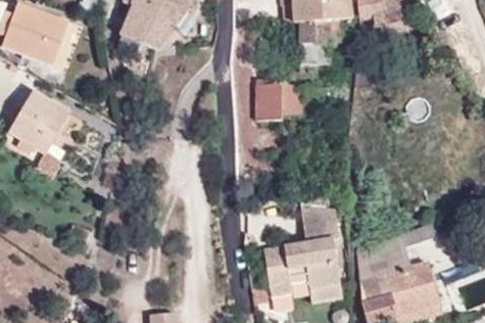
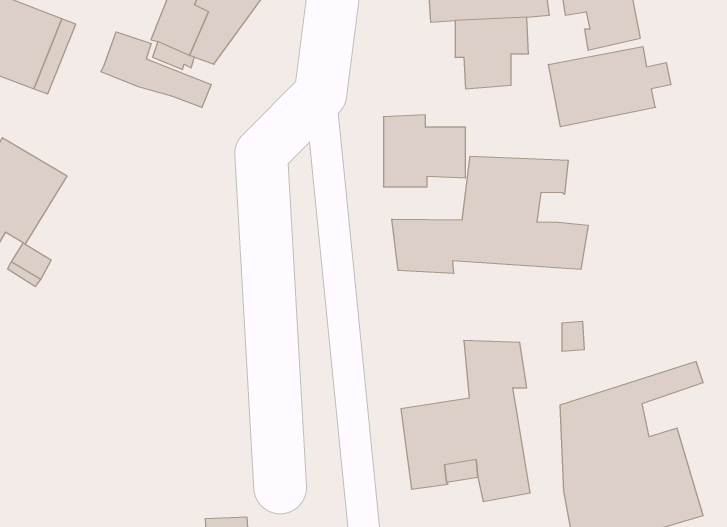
building: none -> [101,32,211,108]
building: none -> [548,47,671,127]
building: none -> [392,156,588,274]

